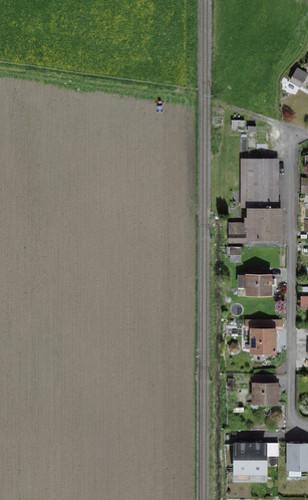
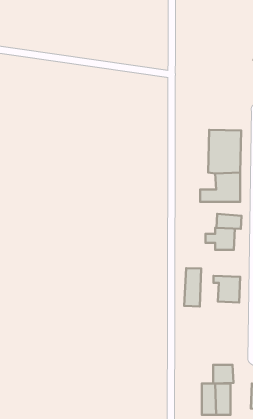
building: none -> [216,214,241,229]
building: none -> [184,268,201,306]
building: [256,387,279,408] -> [213,365,234,384]

